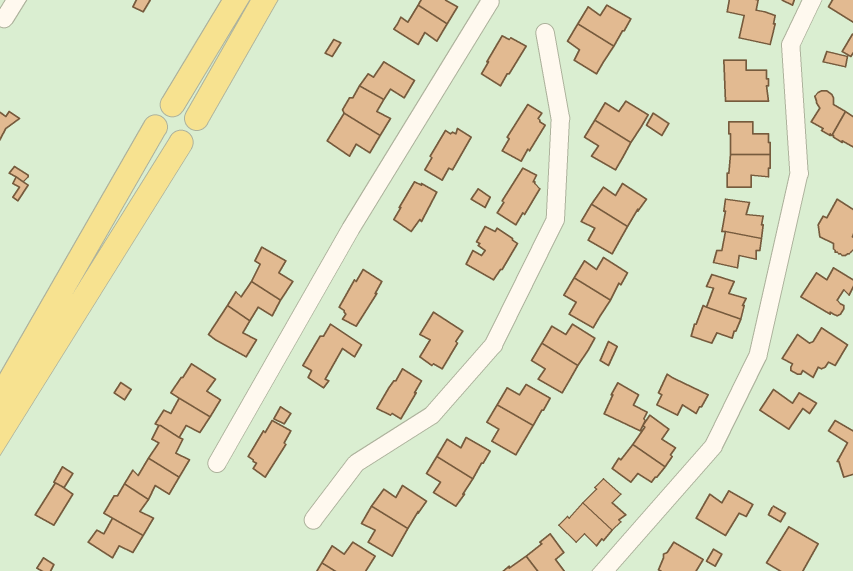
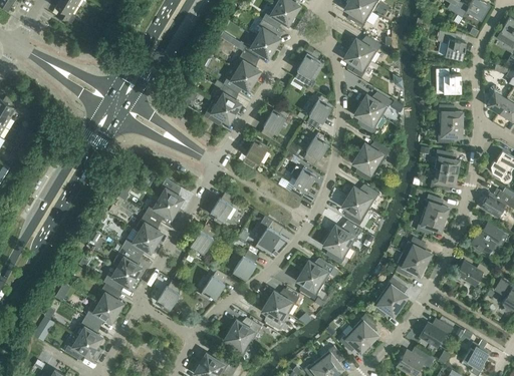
building: none -> [237,50,261,80]
building: none -> [124,232,157,255]
building: [604,383,647,431] -> [406,236,431,264]
building: none -> [200,269,228,299]

